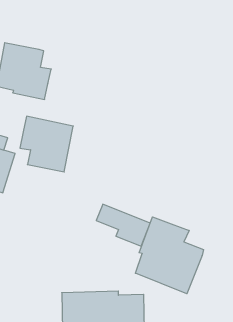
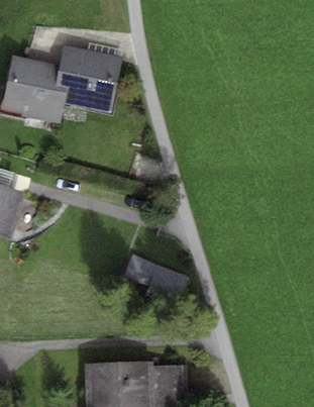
building: [20,116,73,172] -> [56,46,121,115]
building: [135,217,204,294] -> none

